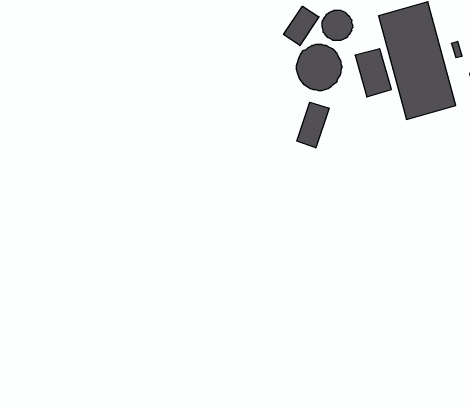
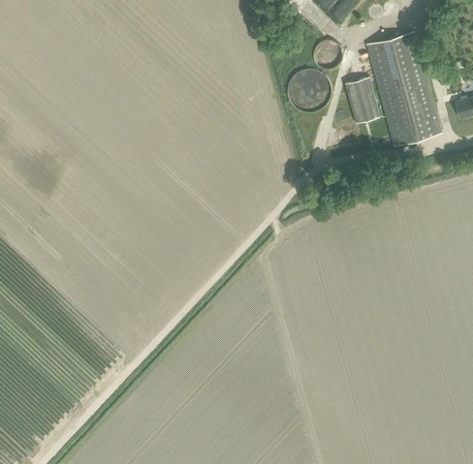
building: [284,6,319,46] -> none
building: [297,102,329,148] -> none

